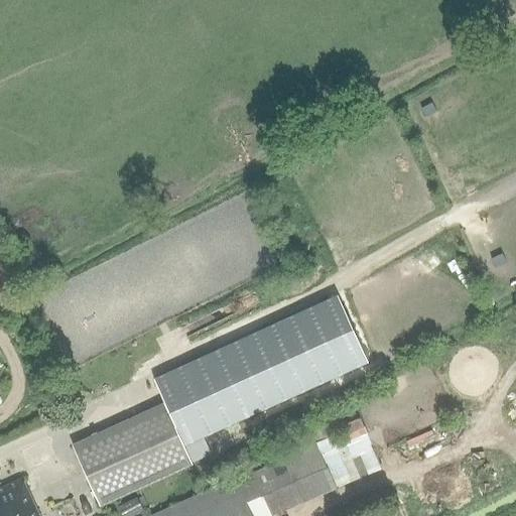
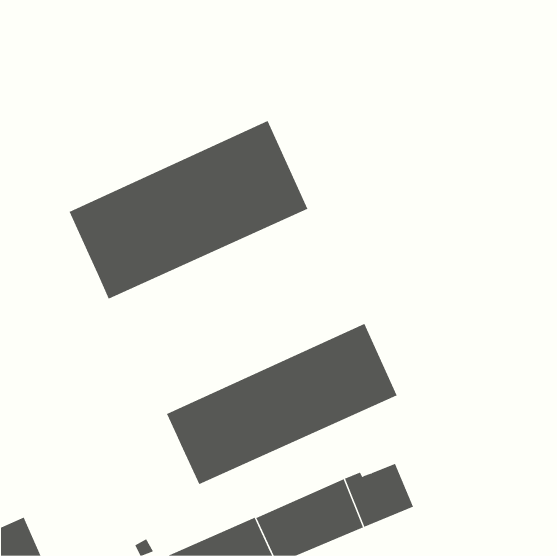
building: none -> [69,120,308,300]
building: [70,401,190,505] -> none

